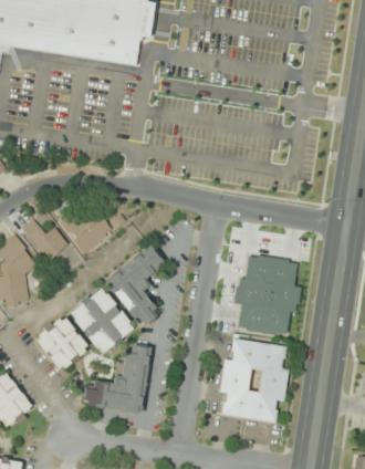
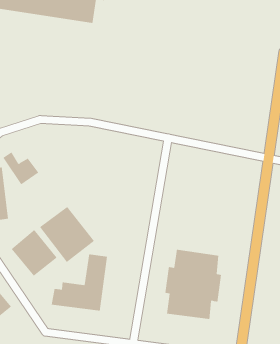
building: [61,204,113,254] -> none
building: [103,244,167,327] -> none
building: [232,254,300,336] -> none

